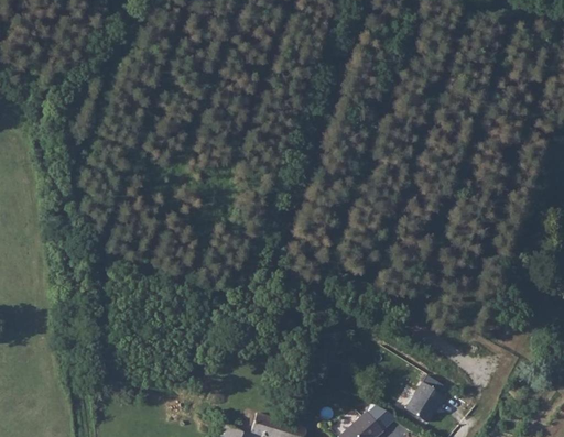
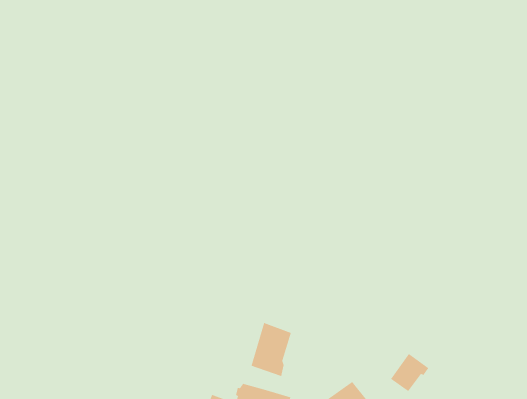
building: none -> [251,322,292,377]

